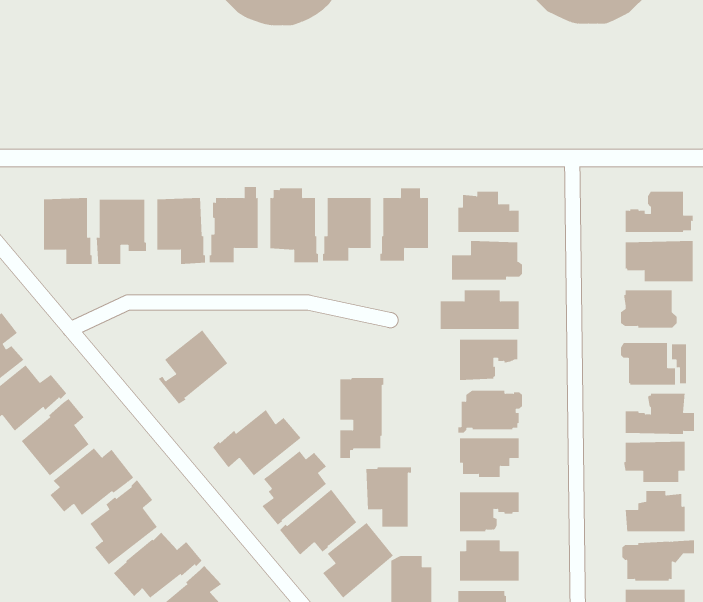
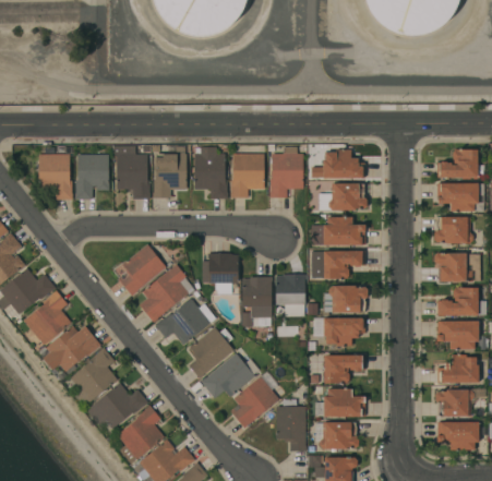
building: none -> [201,253,238,290]
building: none -> [139,264,192,323]
building: [366,467,412,527] -> [274,275,305,316]

